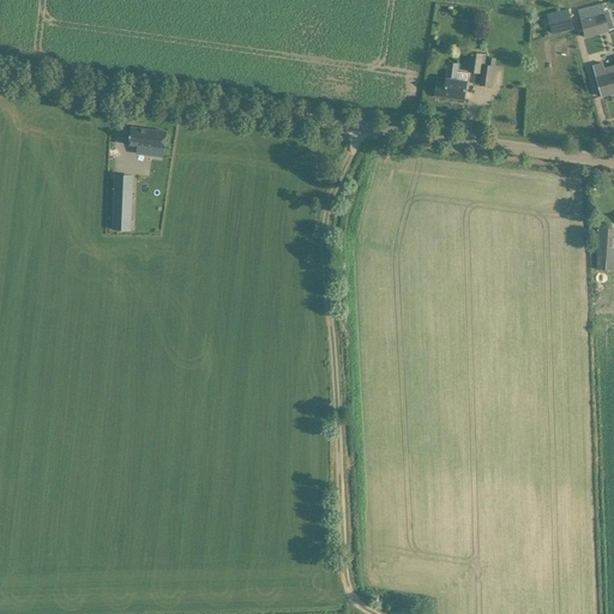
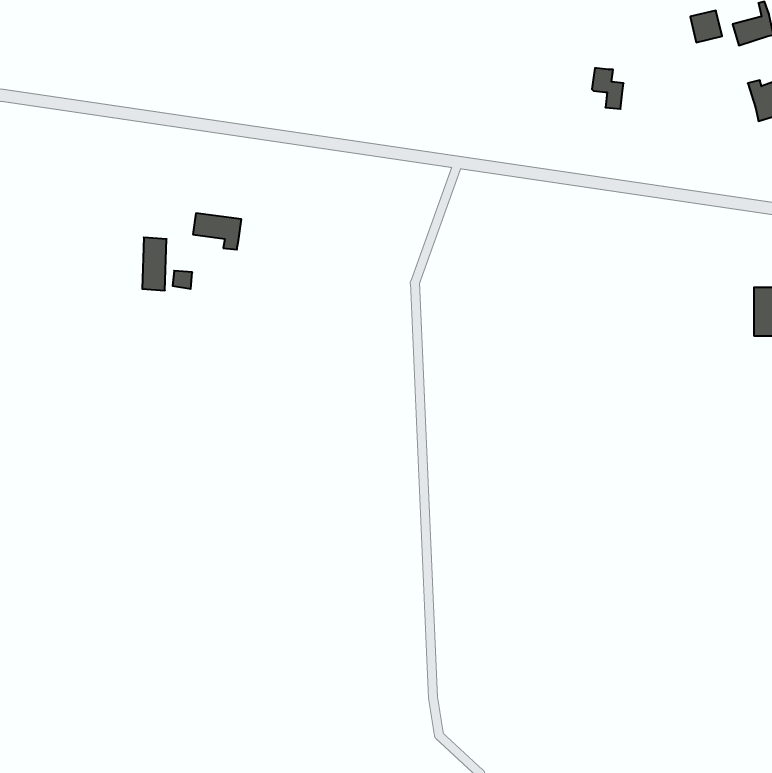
building: [437,61,466,98] -> none
building: [130,127,168,156] -> [193,213,241,250]

